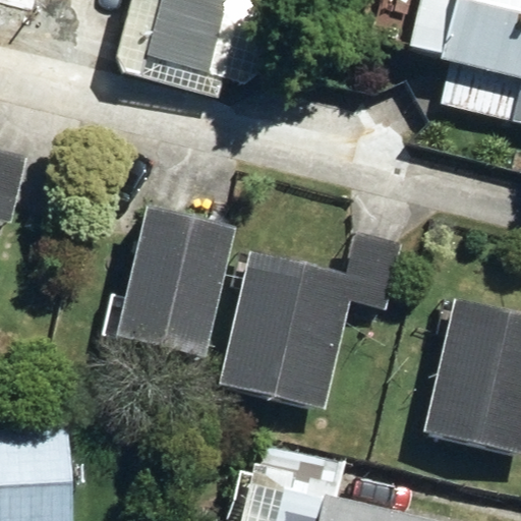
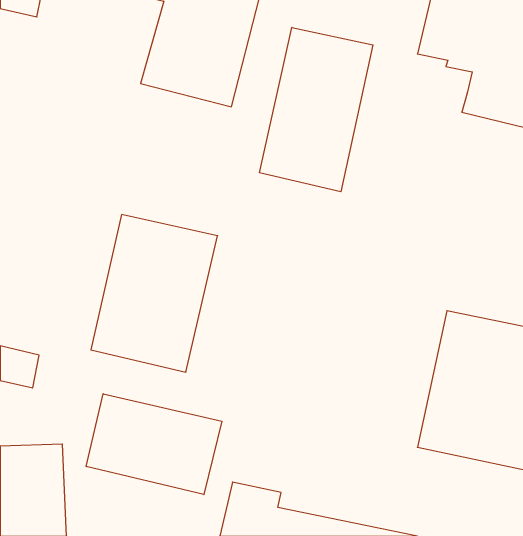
building: none -> [260,27,373,192]
building: [214,230,404,408] -> none
building: none -> [86,394,222,495]

